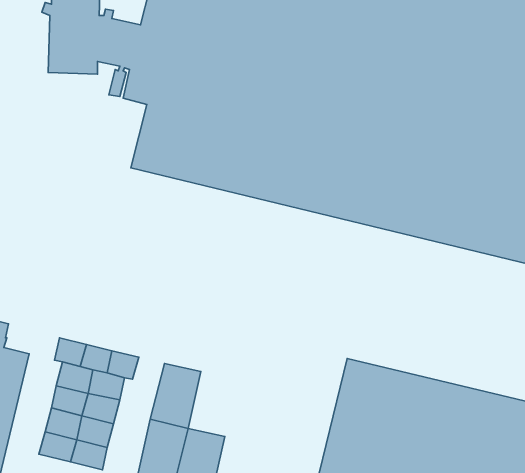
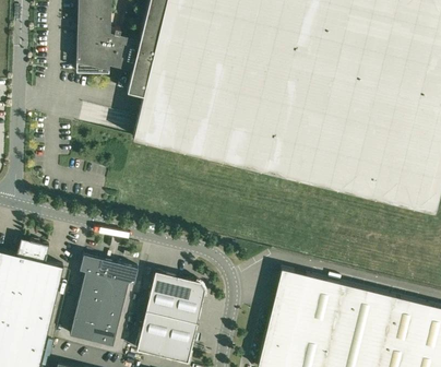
building: none -> [171,279,204,323]

